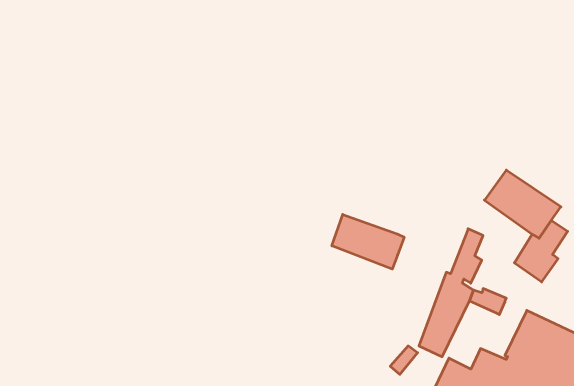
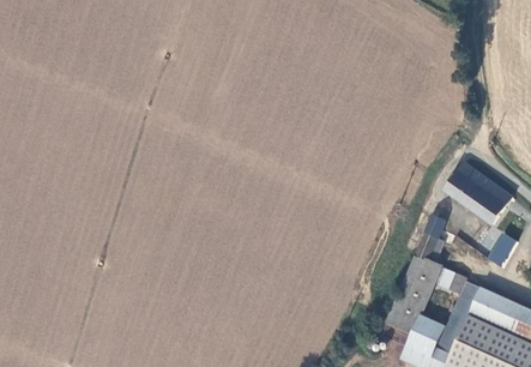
building: [332,214,404,269] -> none
building: none -> [442,282,483,332]

